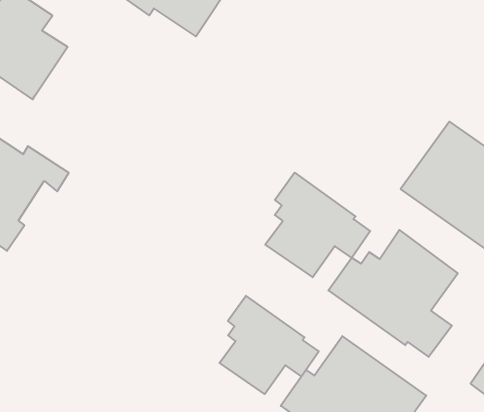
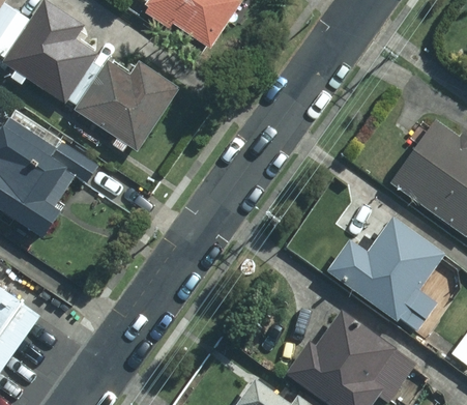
building: none -> [66,61,176,149]
building: [265,173,370,277] -> none
building: [219,296,319,394] -> none

